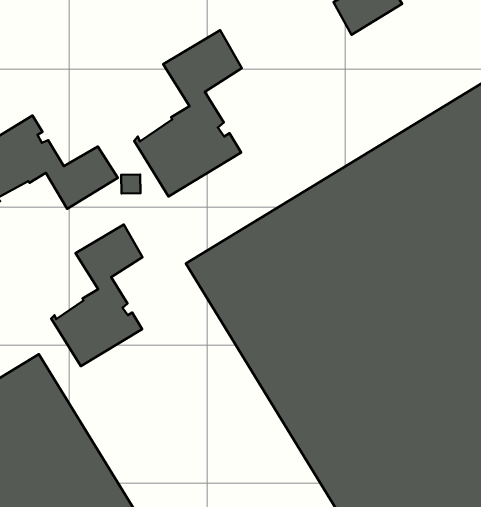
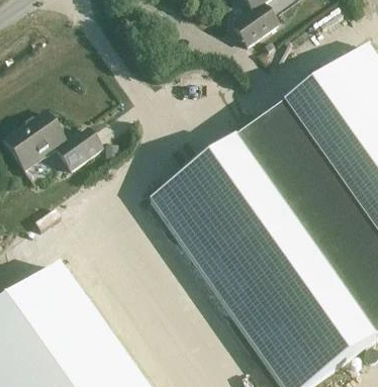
building: [134,30,242,196] -> none
building: [51,225,143,366] -> none

